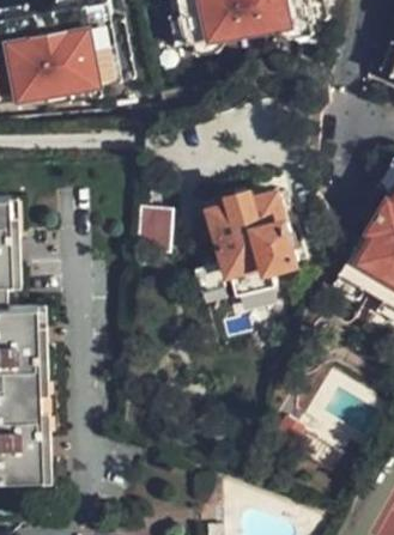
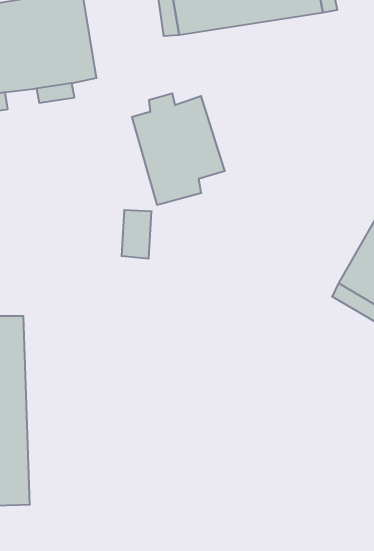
building: [210,189,295,291] -> [132,94,225,205]

